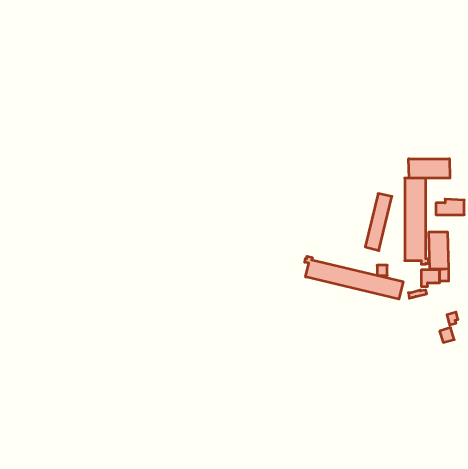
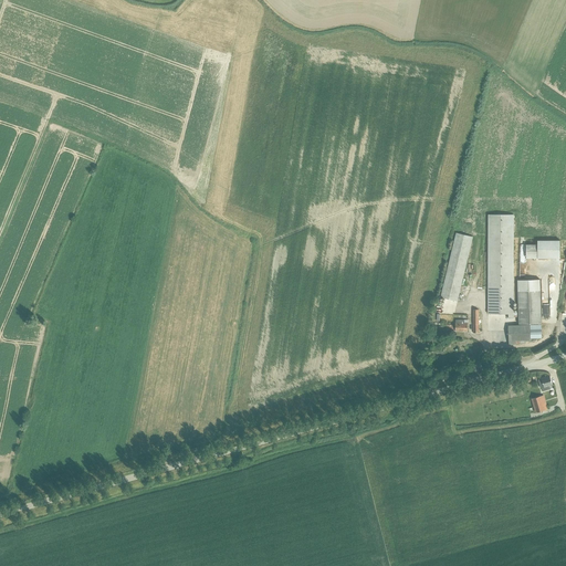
building: [409,159,450,178] -> none
building: [305,256,403,299] -> none

